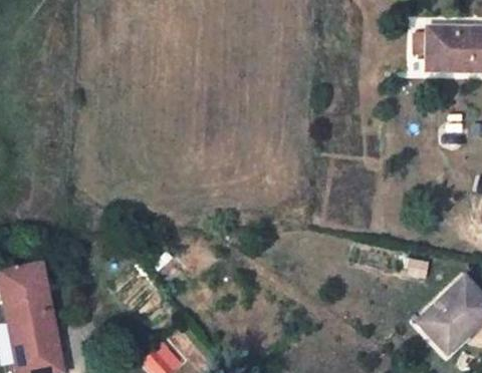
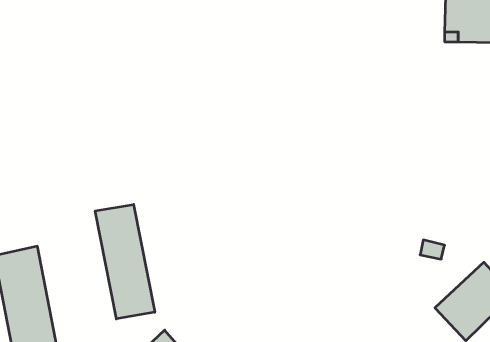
building: none -> [95,204,155,319]

